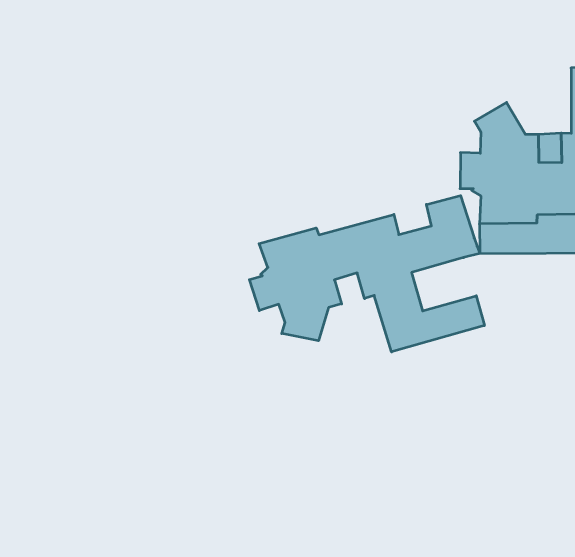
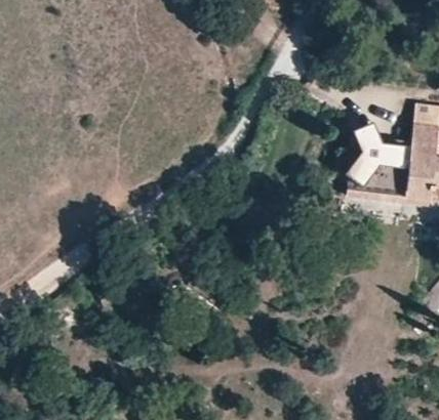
building: [249,196,484,352] -> none

